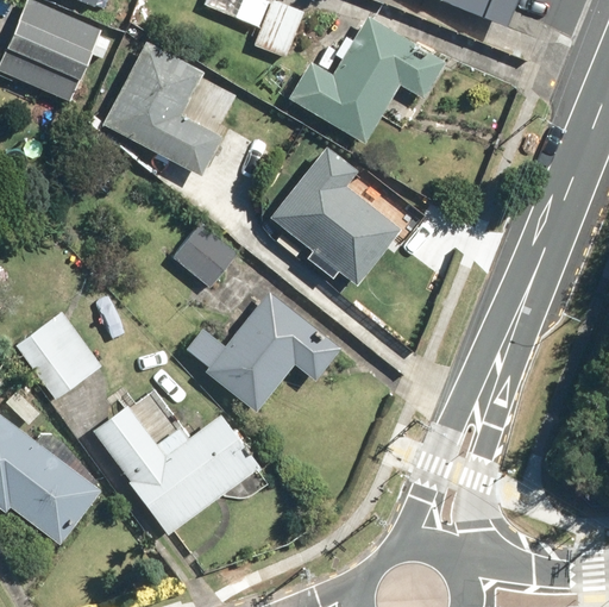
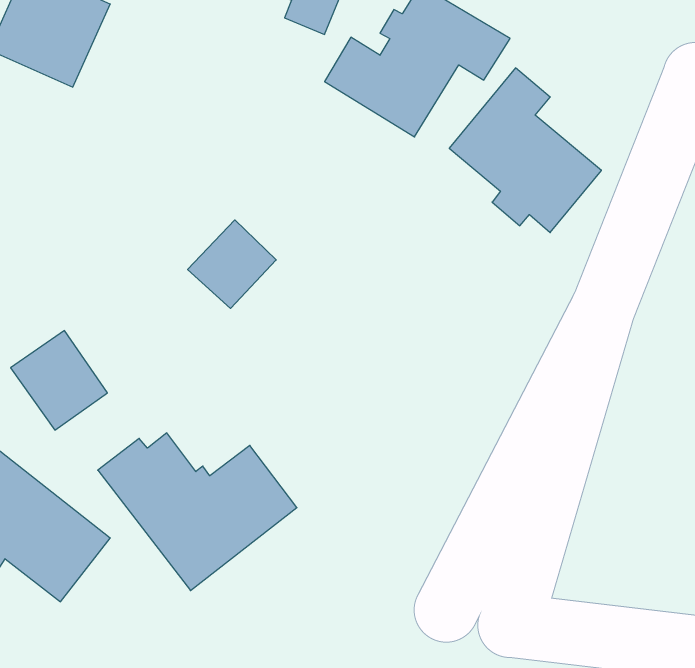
building: [103,42,224,177] -> none
building: [270,144,401,286] -> [449,68,601,233]
building: [182,289,343,414] -> none

